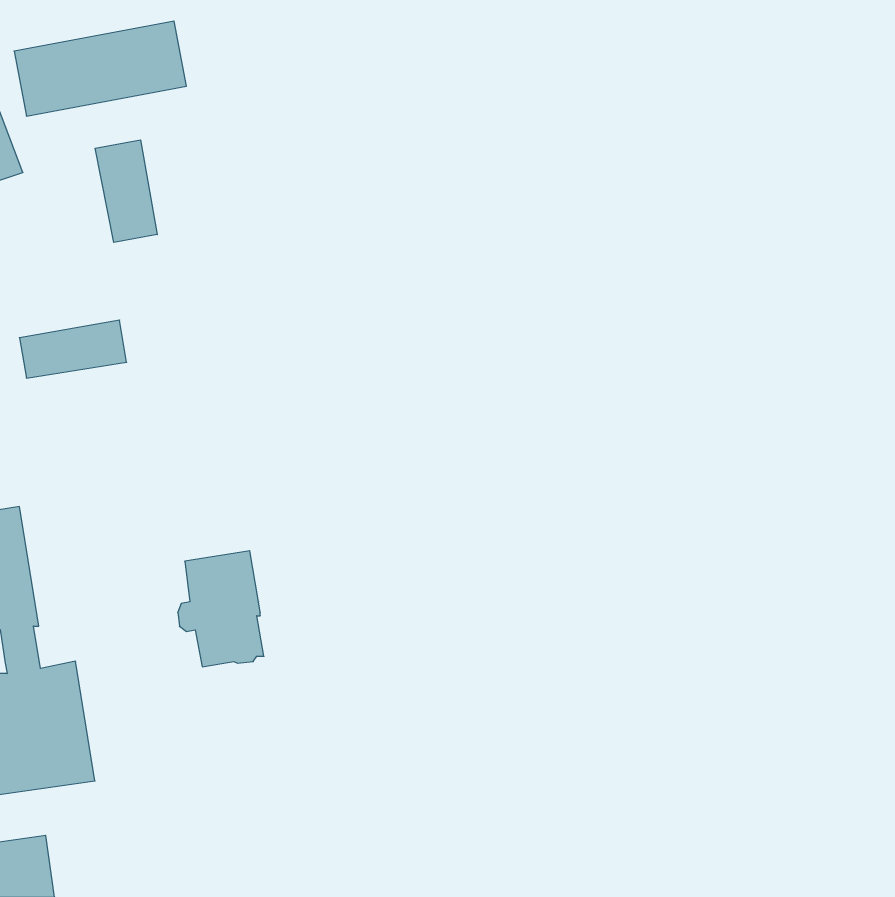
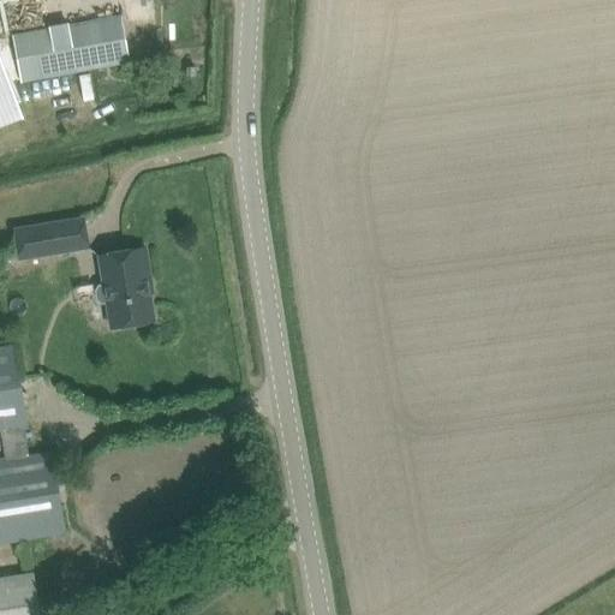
building: [95,140,157,242] -> none
building: [178,551,264,667] -> [94,249,153,328]

